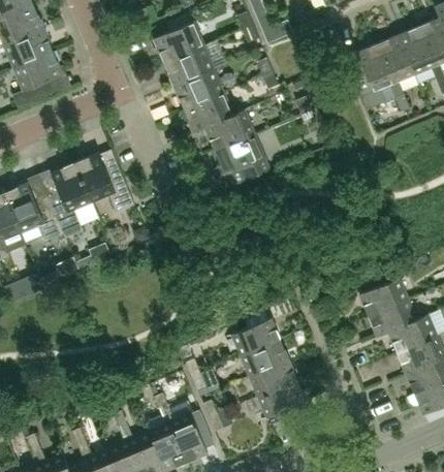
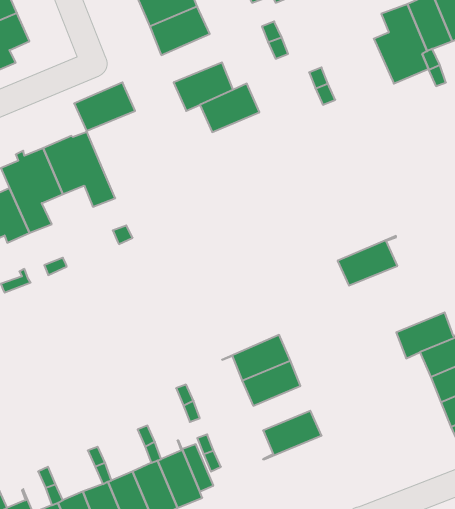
building: [173,68,224,108] -> [74,82,135,131]
building: [216,133,269,187] -> none
building: [359,275,409,316] -> [338,236,397,286]
building: [250,360,297,398] -> none

